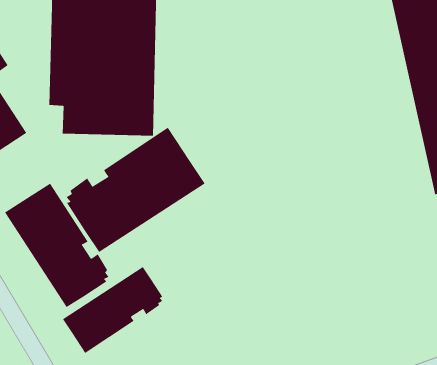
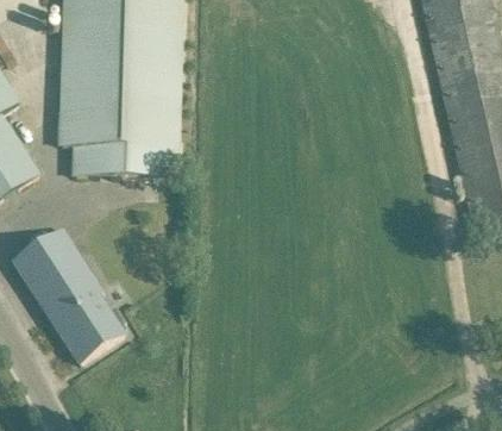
building: [66,127,205,253] -> none
building: [62,266,163,354] -> none

